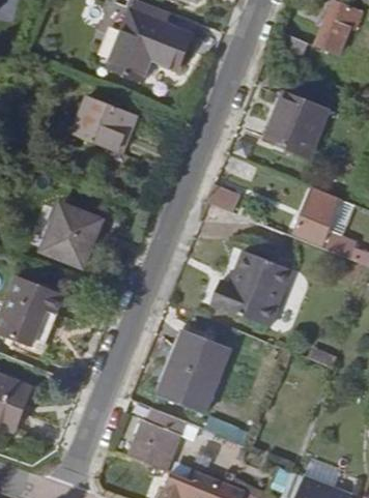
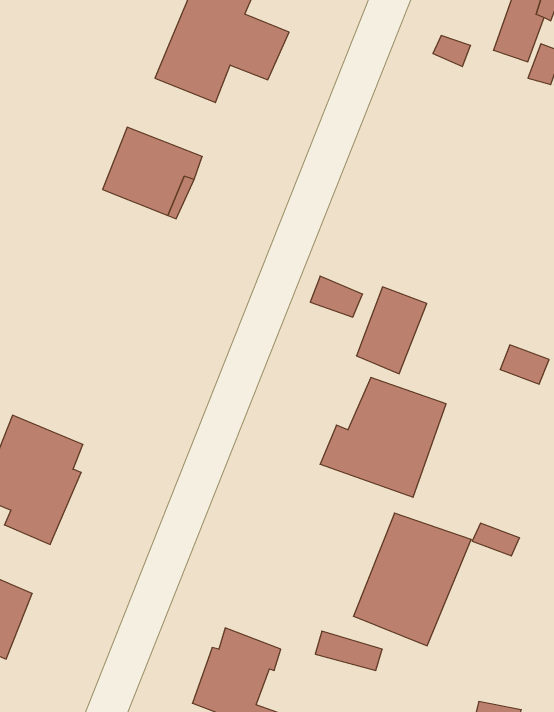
building: [263,95,321,156] -> none
building: [294,187,339,242] -> [356,287,427,374]
building: [38,202,98,266] -> none
building: [155,332,230,416] -> [353,513,471,646]

